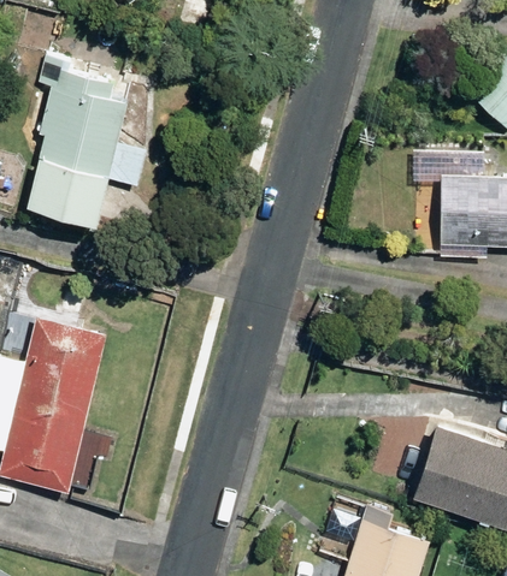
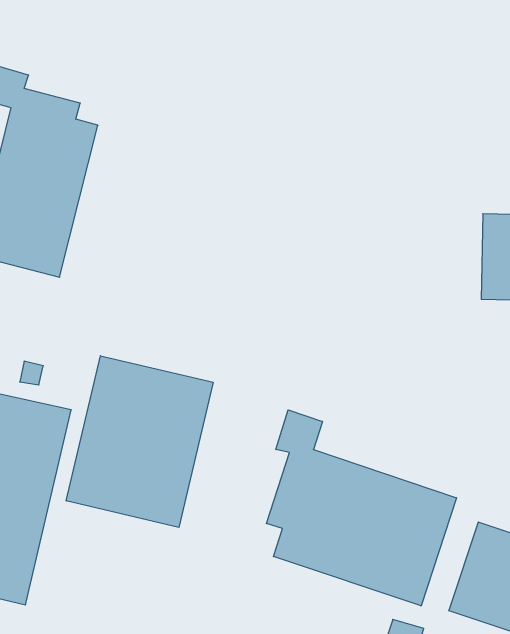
building: none -> [66,356,213,527]
building: none -> [266,410,457,606]

